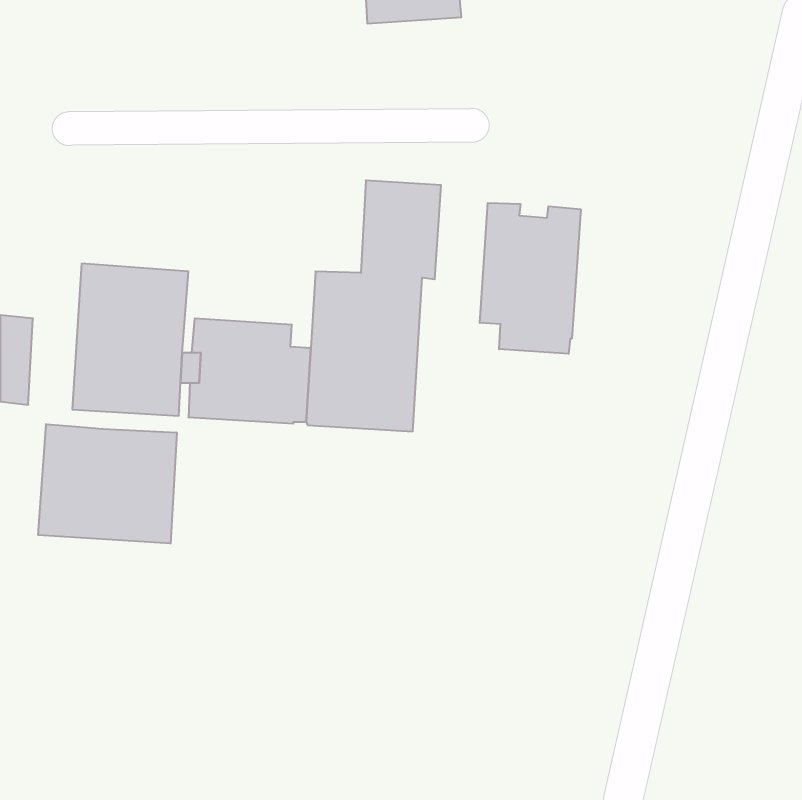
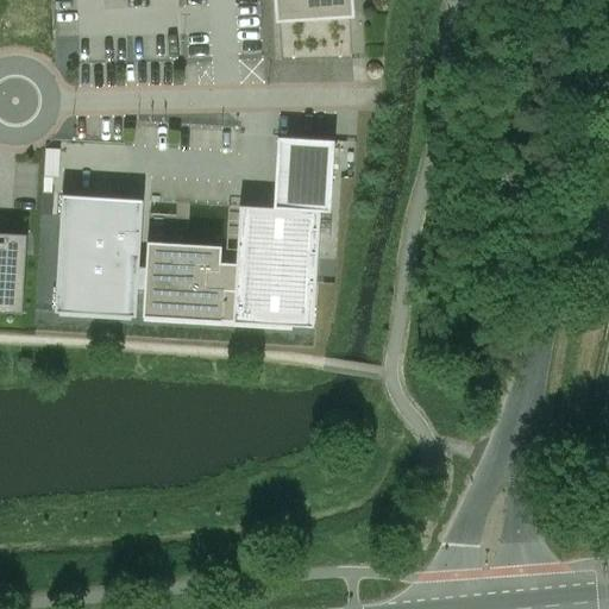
building: [480,203,581,354] -> none
building: [38,424,177,544] -> none

